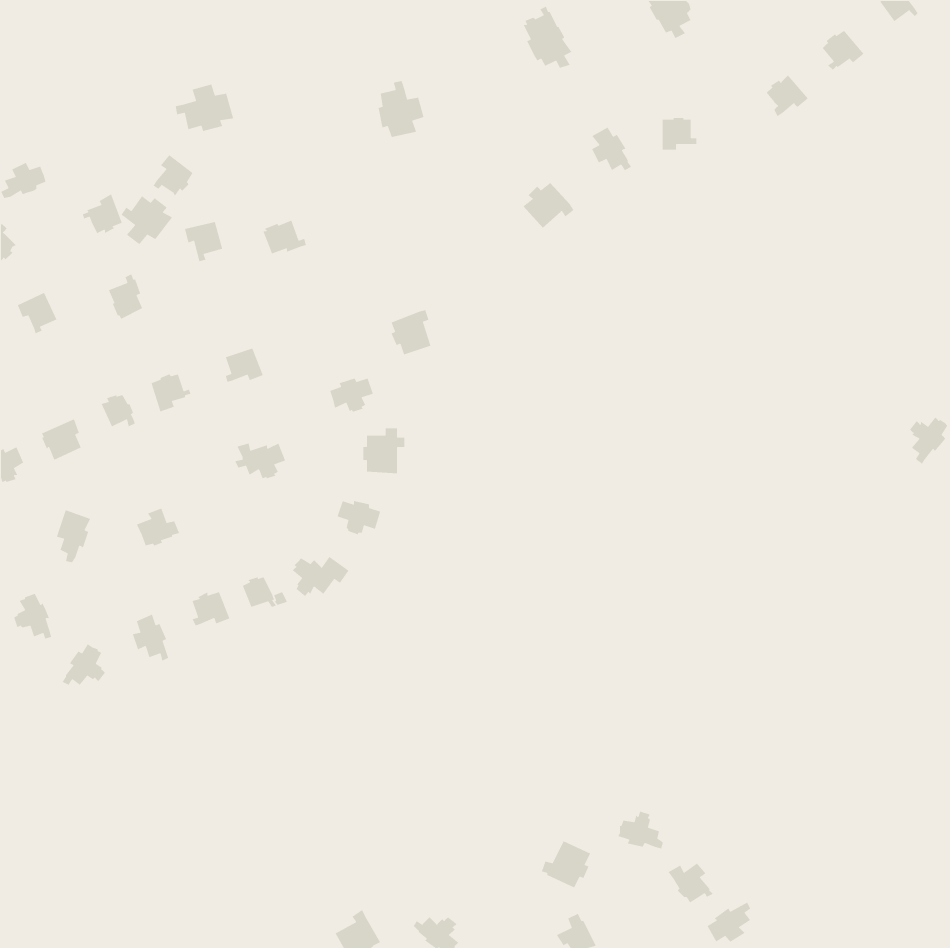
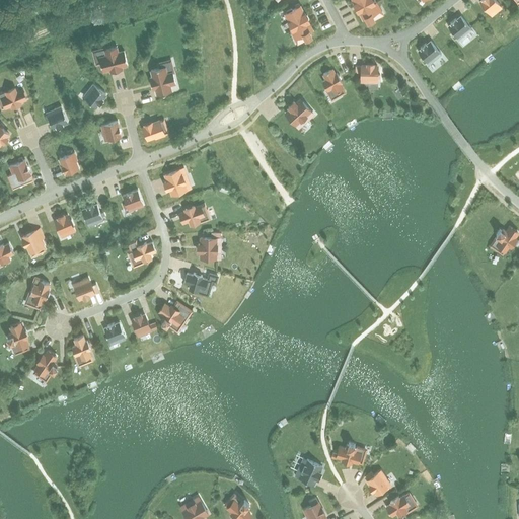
building: [376,80,424,138] -> [149,64,175,95]
building: [121,195,173,245] -> none
building: [391,309,431,356] -> [164,169,187,195]

